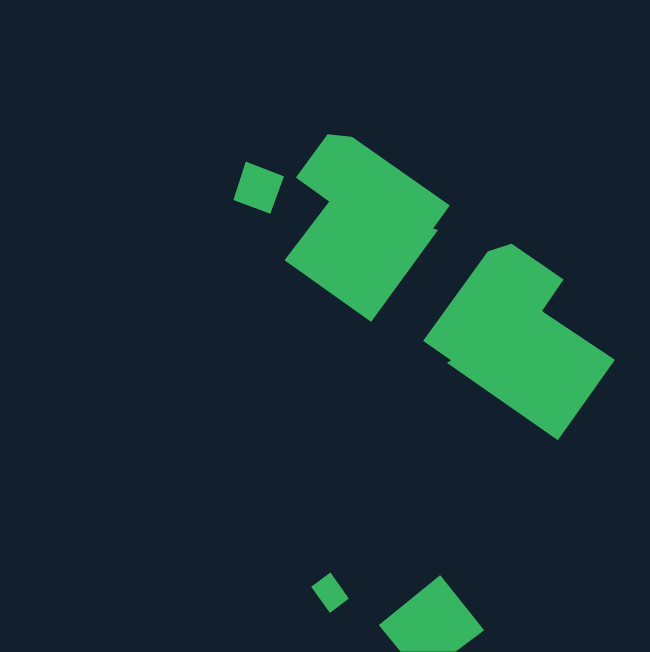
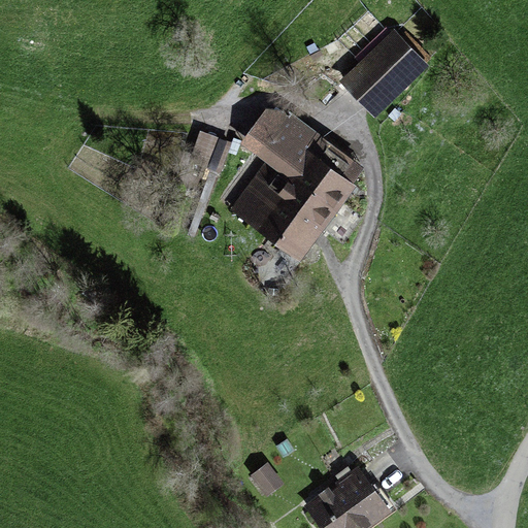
building: none -> [336,30,427,118]
building: [422,243,616,441] -> none

